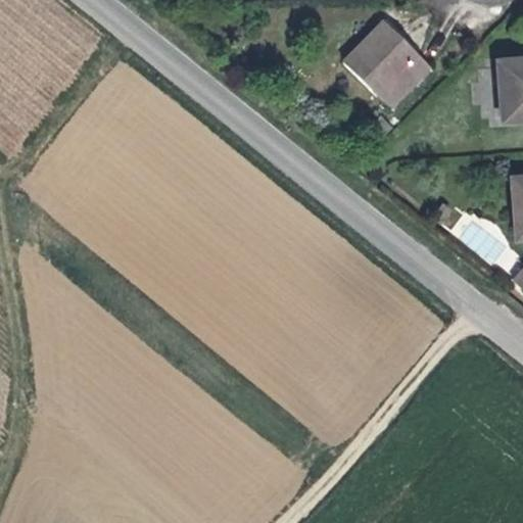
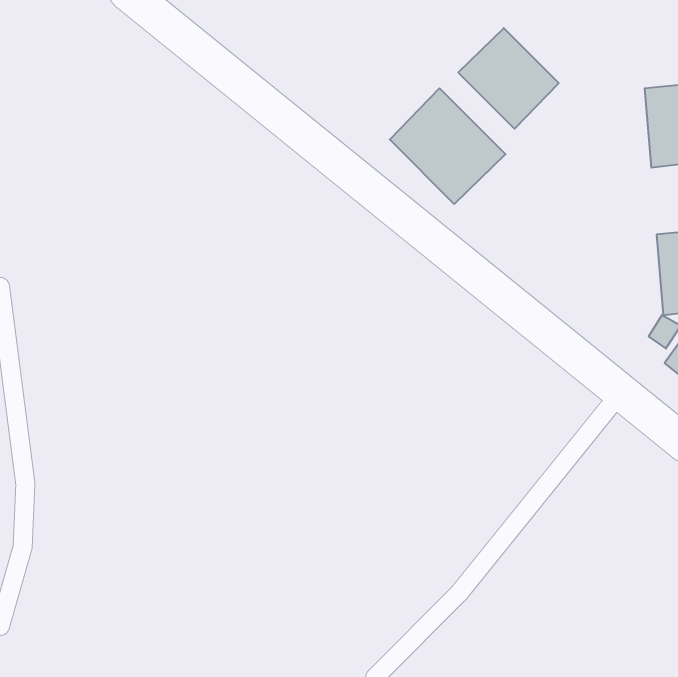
building: none -> [390,88,506,204]

